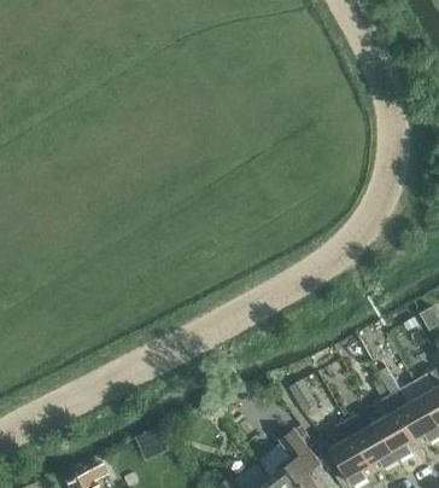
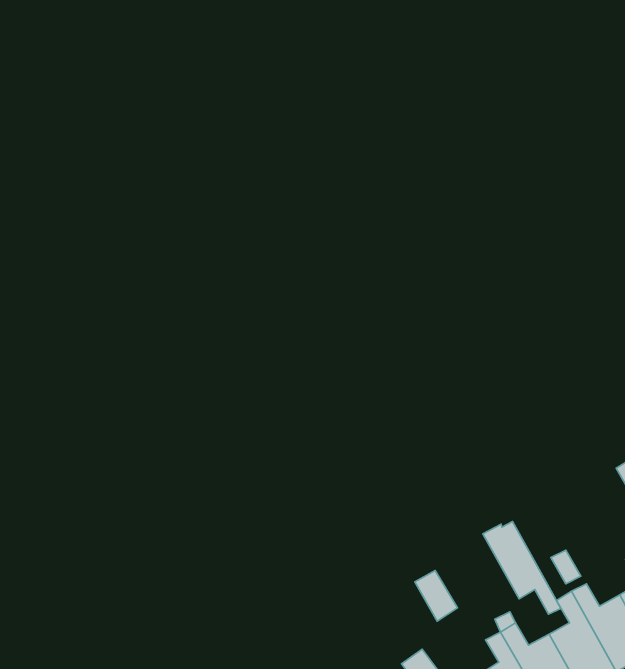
building: none -> [483,521,561,614]

